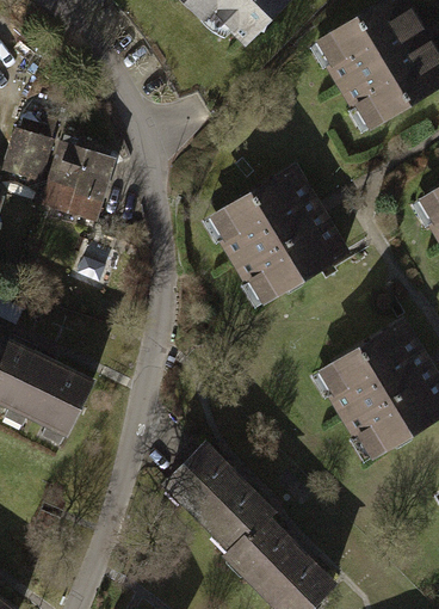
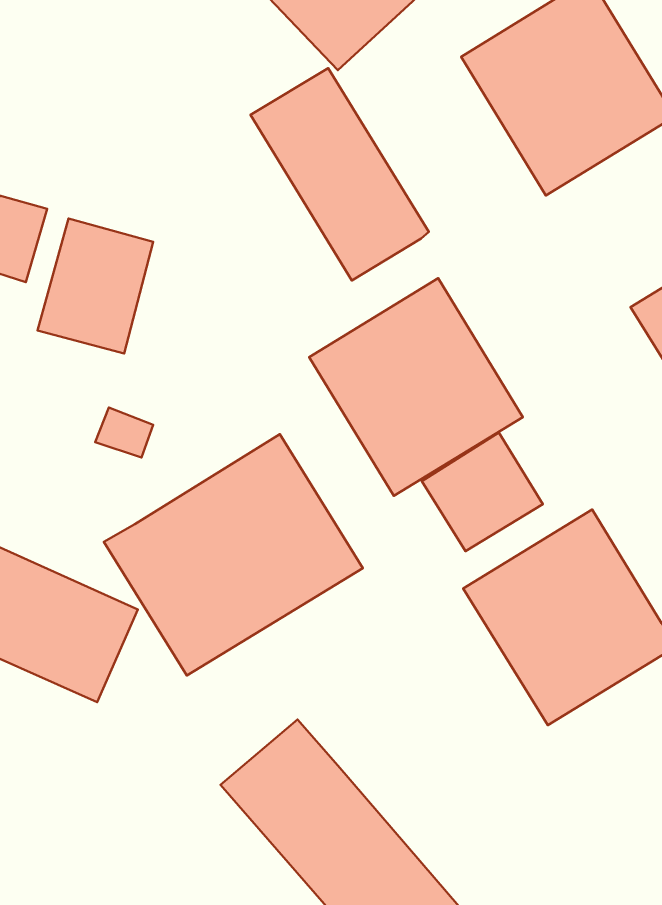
building: none -> [251,68,429,281]
building: none -> [422,433,543,551]
building: none -> [104,434,363,676]

